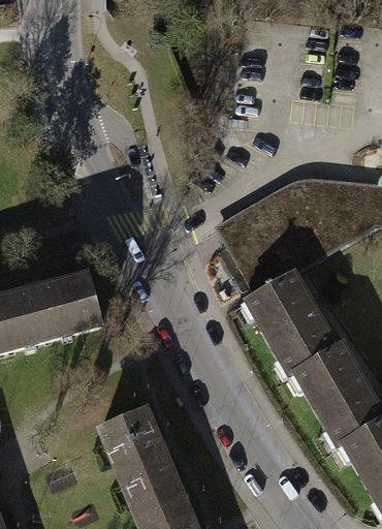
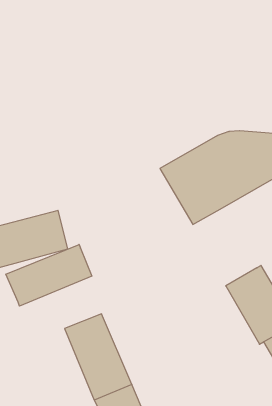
building: [249,275,338,376] -> none
building: none -> [6,244,92,306]

